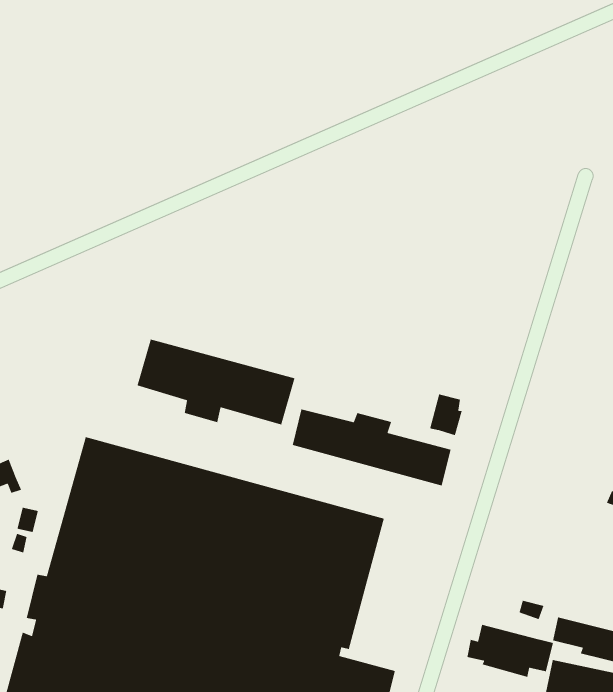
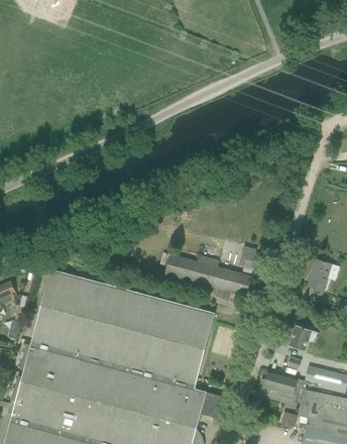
building: [136,338,296,425] -> none
building: none -> [308,260,333,293]
building: none -> [288,326,311,352]

